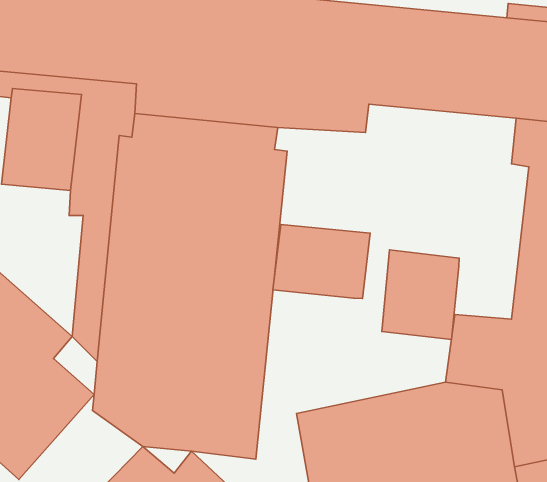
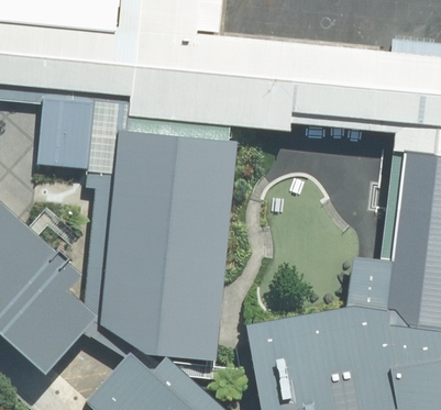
building: [273,224,370,298] -> none
building: [382,250,459,340] -> none

